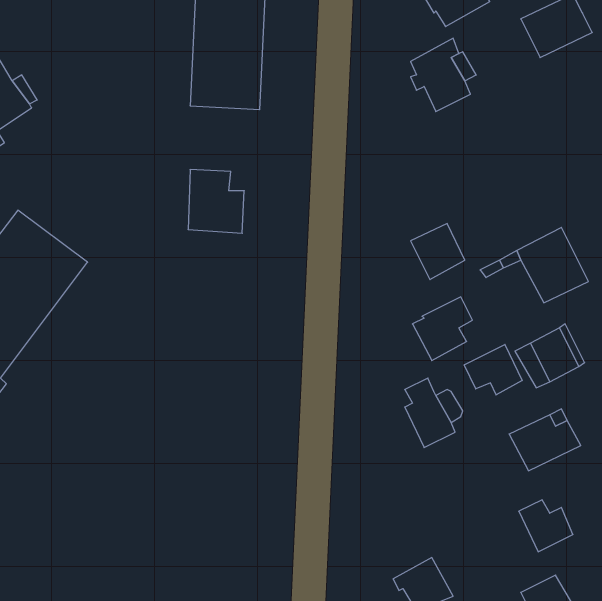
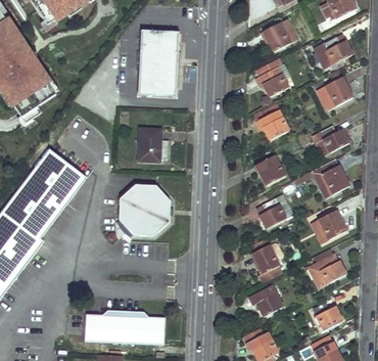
building: none -> [317,77,352,109]
building: none -> [256,109,288,139]
building: none -> [313,125,348,155]
building: none -> [117,182,169,233]
building: [464,344,522,395] -> none
building: none -> [249,285,282,316]
building: none -> [84,313,163,344]

